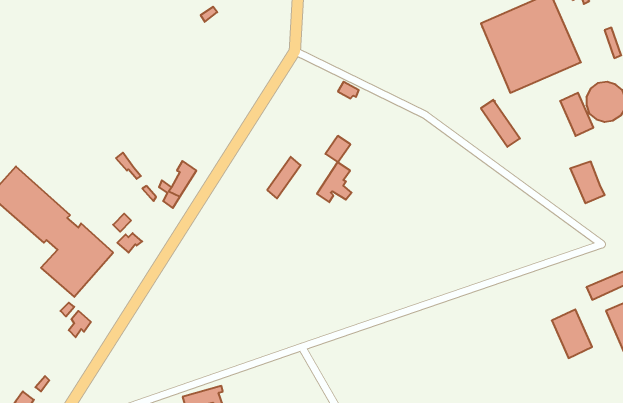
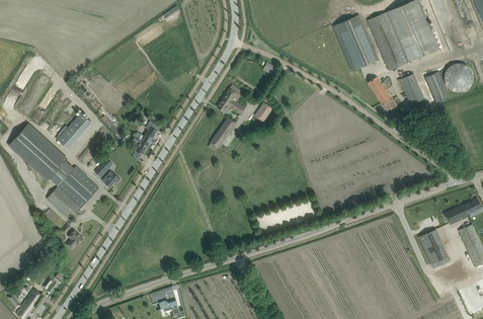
building: none -> [334,15,378,71]
building: none -> [55,112,90,148]
building: [570,162,605,203] -> [399,74,424,104]
building: [317,162,352,202] -> [217,84,242,113]

